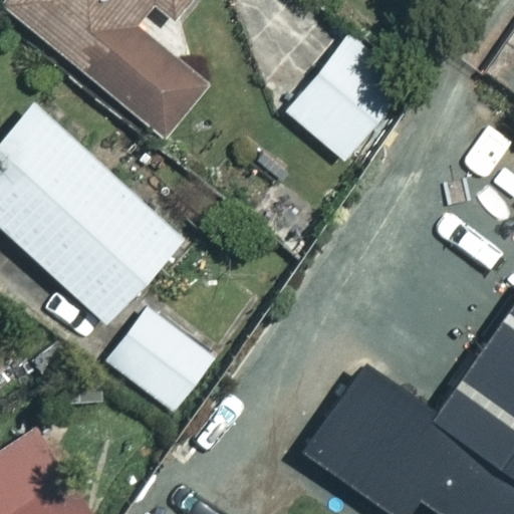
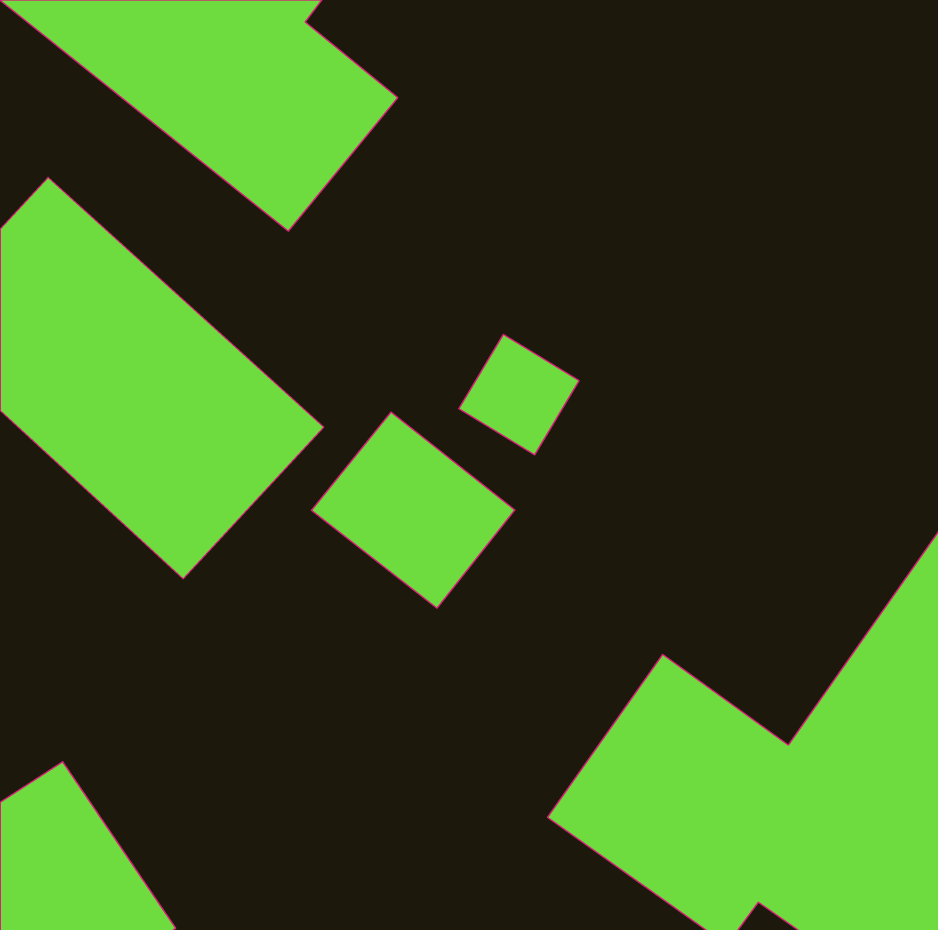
building: [285,38,409,164] -> none
building: [105,307,216,414] -> [311,412,515,608]

